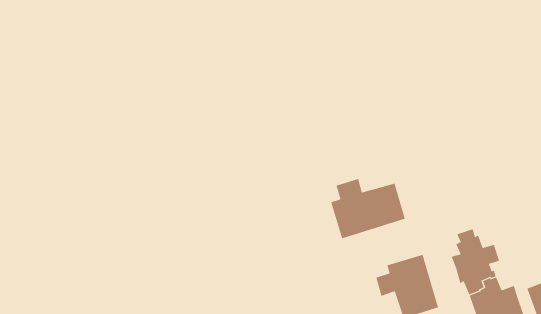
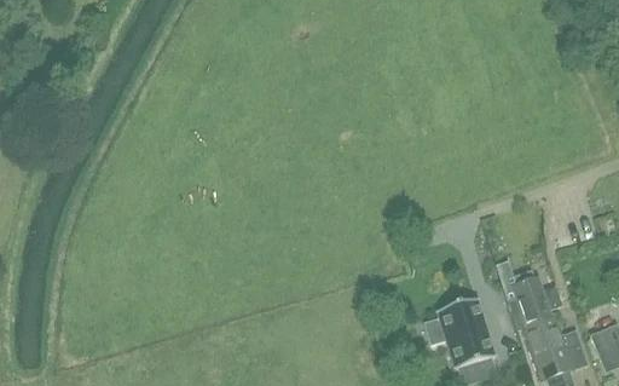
building: [330,178,405,239] -> none

